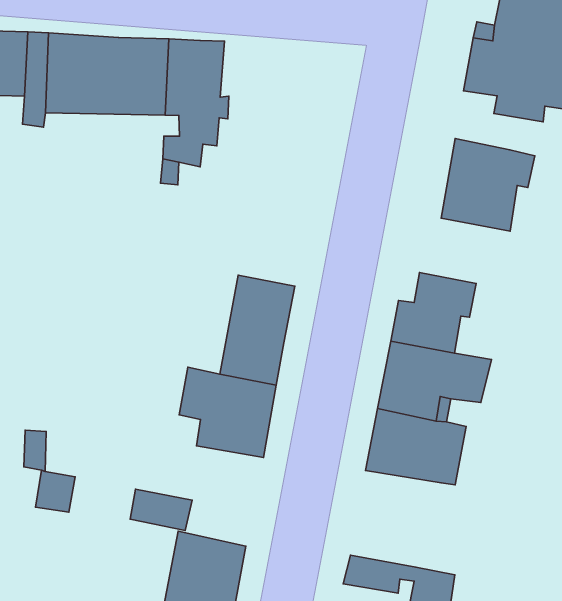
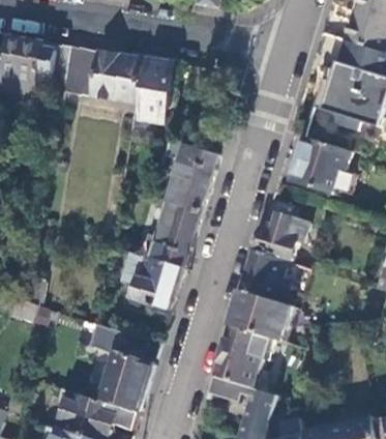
building: none -> [167,144,217,212]
building: none -> [215,327,274,388]

